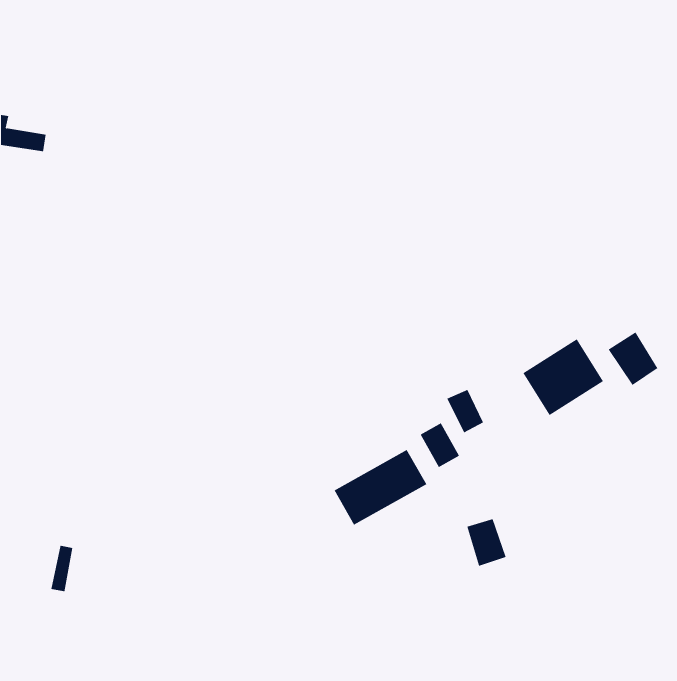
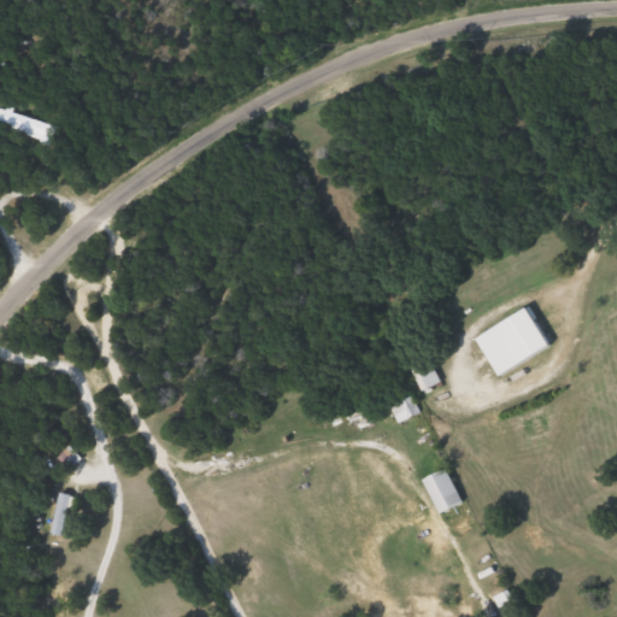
building: [608,332,658,386] -> none
building: [334,449,427,526] -> none

